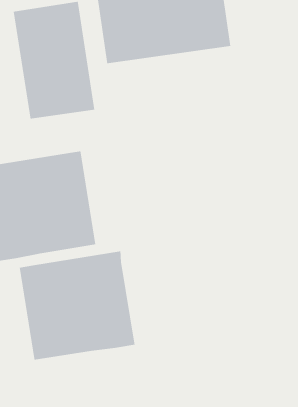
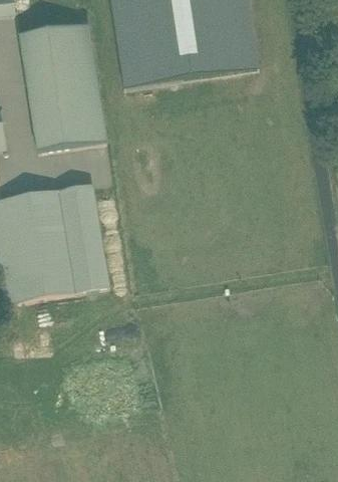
building: [19,251,135,360] -> none

